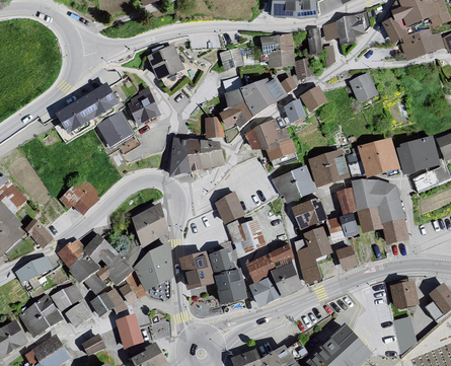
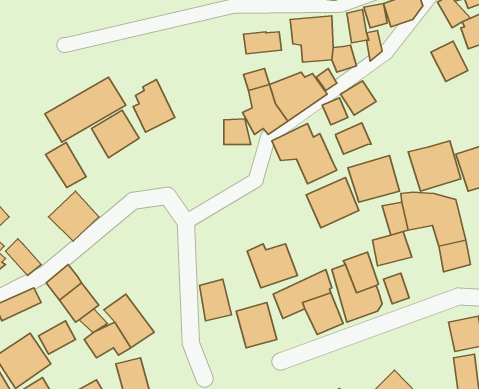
building: [147,45,185,83] -> none
building: [350,72,380,105] -> [431,41,468,82]
building: none -> [336,123,371,154]
building: none -> [45,143,86,187]
building: [169,138,226,178] -> none
building: [213,194,244,227] -> none
building: [290,196,326,228] -> none
building: [131,204,168,250] -> none
building: [356,206,382,232] -> none
building: [83,234,120,273] -> none
building: [133,243,171,289] -> none
building: [207,249,238,275] -> none
building: [247,275,281,308] -> none
building: [63,301,93,331] -> none

